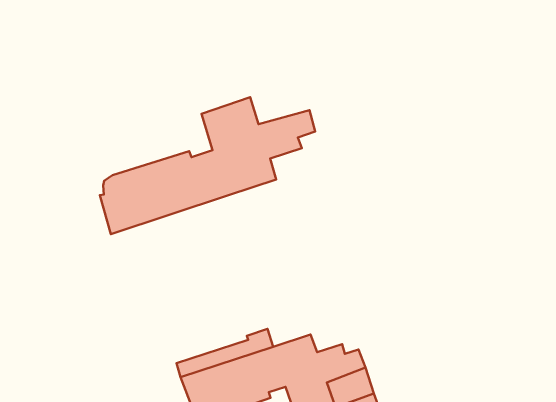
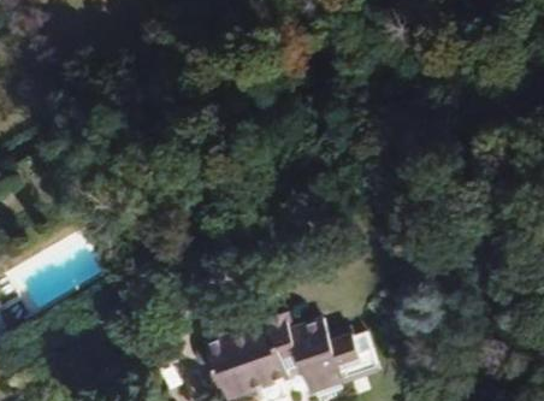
building: [100,97,315,234] -> none

